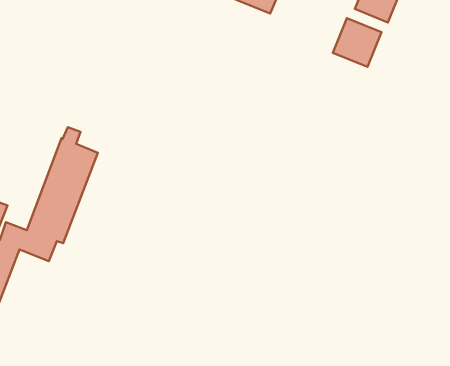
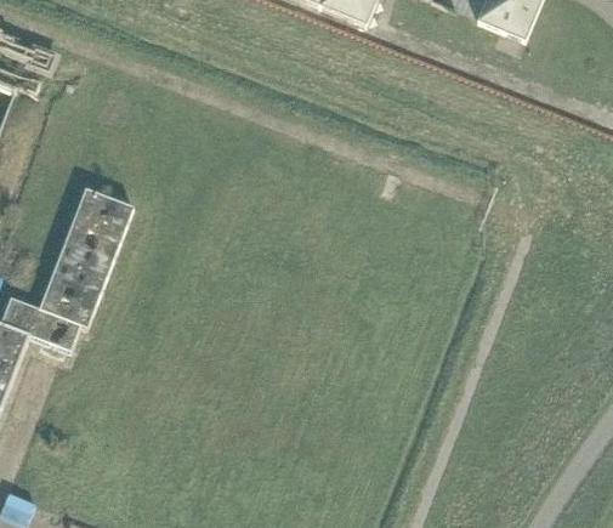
building: [333,18,381,67] -> none

